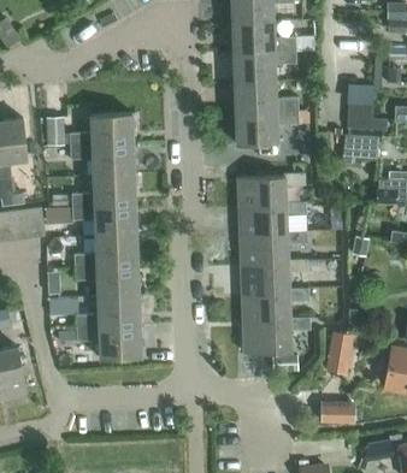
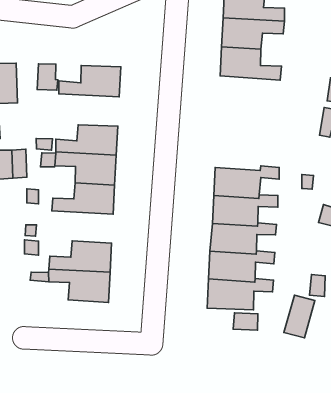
building: [235,111,299,143] -> none
building: [70,143,134,176] -> none
building: [237,173,305,207] -> none
building: [73,265,138,296] -> none
building: [320,400,354,422] -> none

